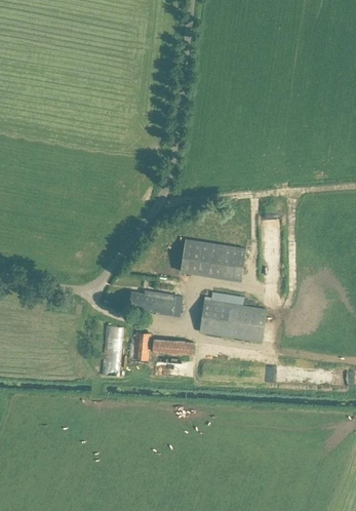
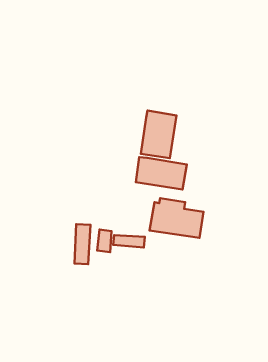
building: none -> [141,110,176,158]
building: [128,290,182,315] -> none

